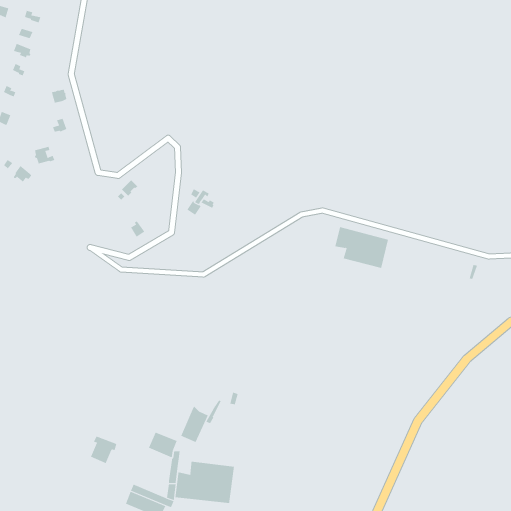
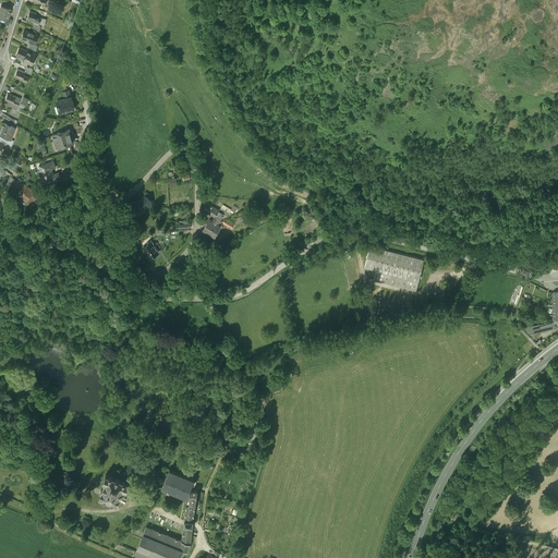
building: [181,406,208,443] -> none
building: [175,461,235,504] -> none

